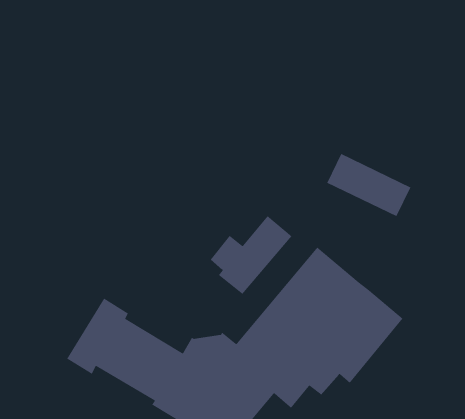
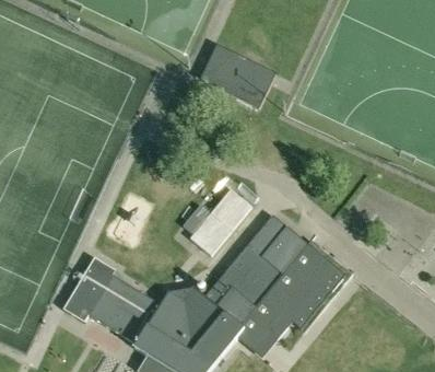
building: [326,153,411,217] -> [200,55,271,108]

